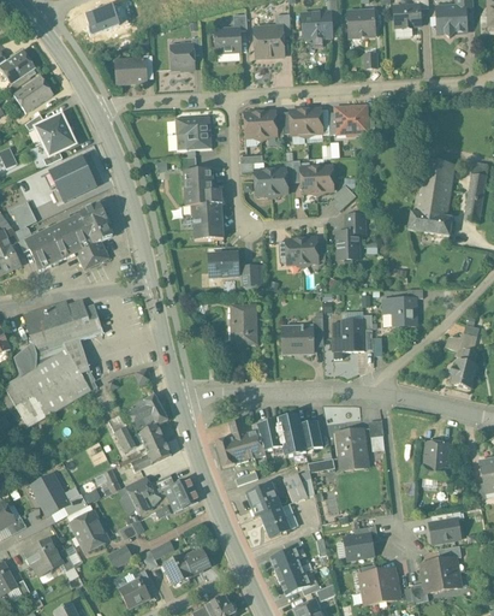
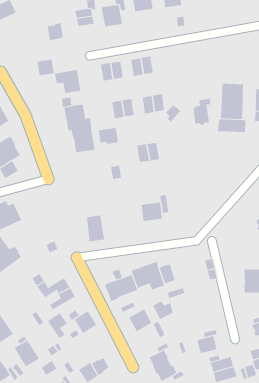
building: [120,59,145,82] -> [36,59,55,76]
building: [335,105,368,135] -> none
building: [337,223,364,261] -> [193,98,211,125]
building: [209,251,238,276] -> [98,127,119,145]
building: [383,297,416,326] -> none
building: [232,304,256,343] -> [86,215,105,242]
building: [333,319,364,359] -> none
building: [125,395,167,430] -> none
building: [337,427,368,469] -> none
building: [261,505,290,537] -> none

